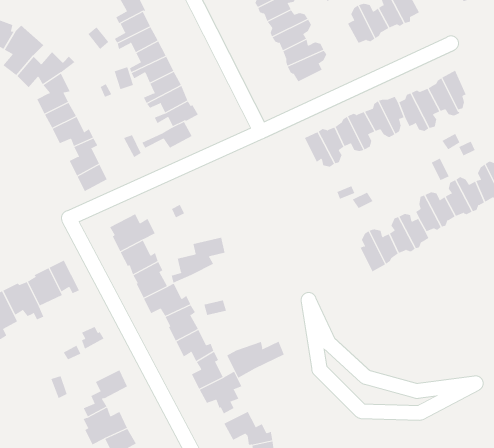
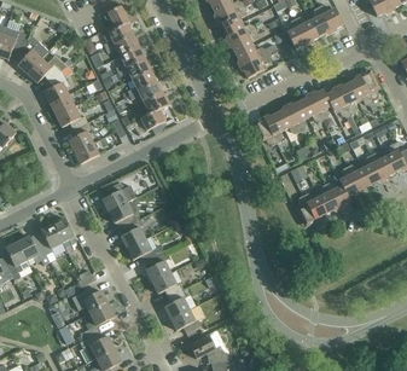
building: [171,237,225,283] -> none
building: [226,341,284,379] -> none
building: none -> [72,288,109,313]

